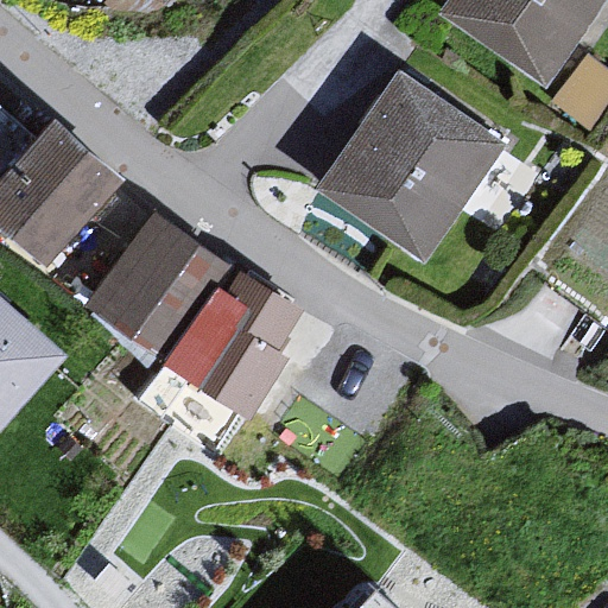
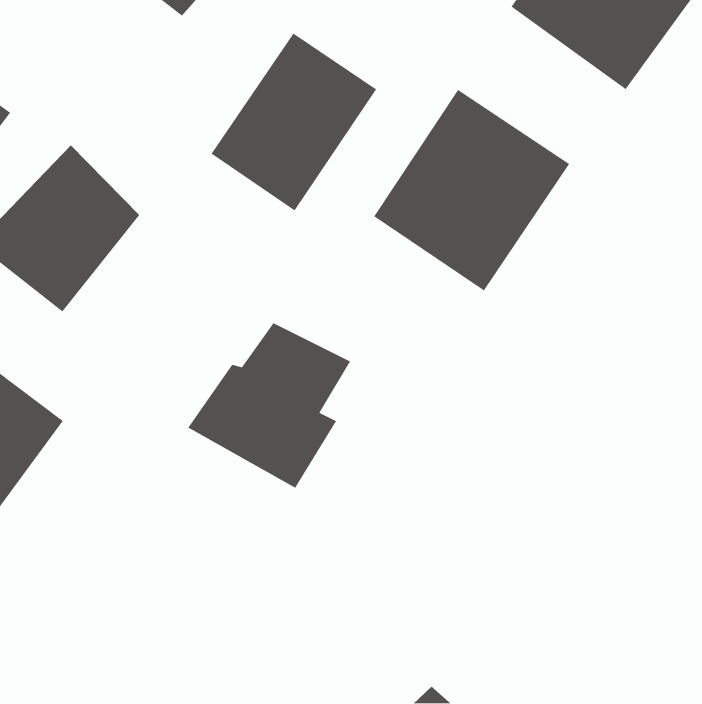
building: none -> [211,33,377,211]
building: [86,215,234,366] -> none

